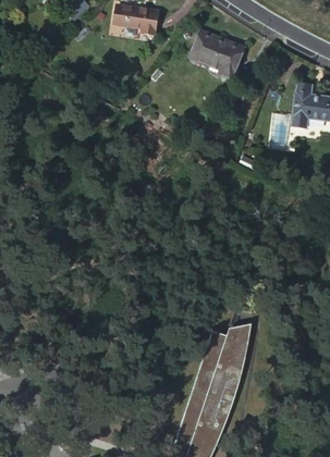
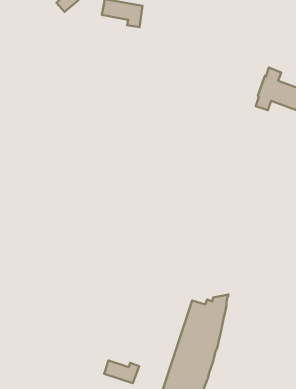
building: [190,32,244,81] -> none
building: none -> [104,360,139,383]

